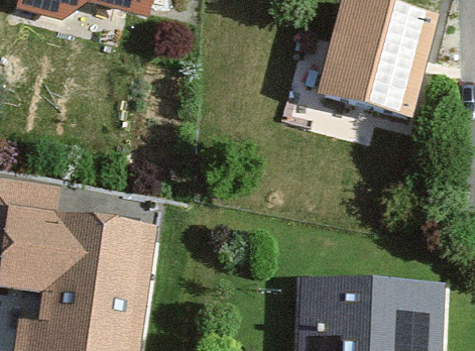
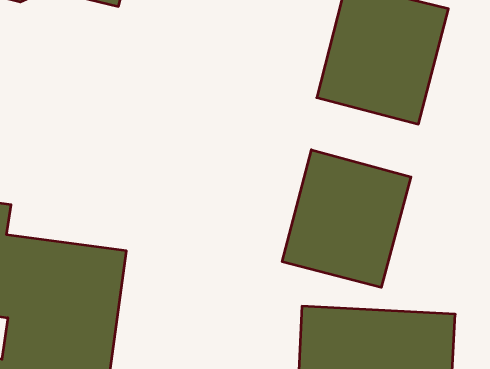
building: none -> [282,150,411,287]

